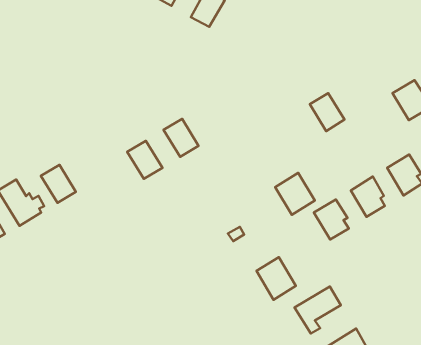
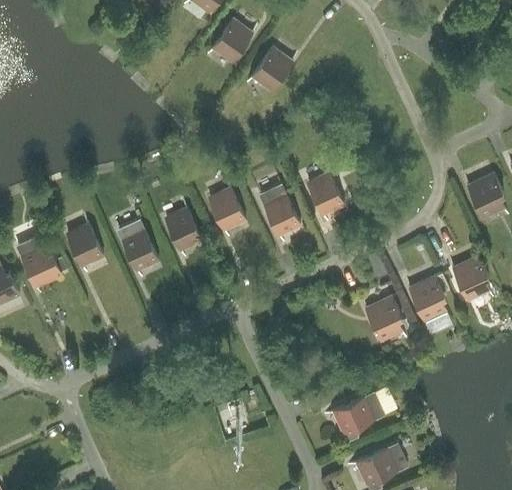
building: [310,93,345,131] -> [307,173,344,215]
building: none -> [259,183,300,235]
building: none -> [117,219,158,270]
building: [275,173,315,215] -> none
building: [256,257,296,300] -> none

